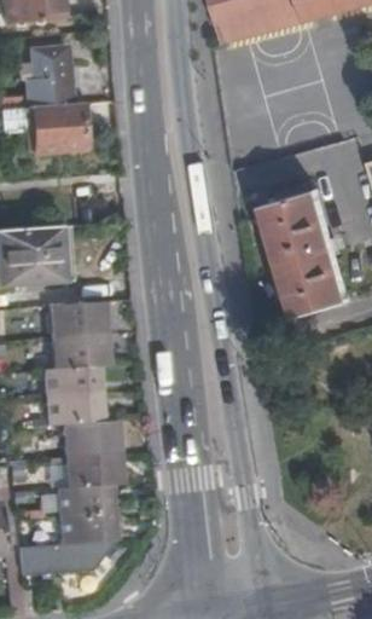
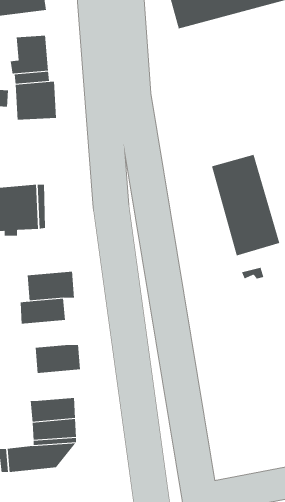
building: [46,299,103,336] -> none
building: [40,391,98,424] -> none
building: [59,450,115,487] -> none

